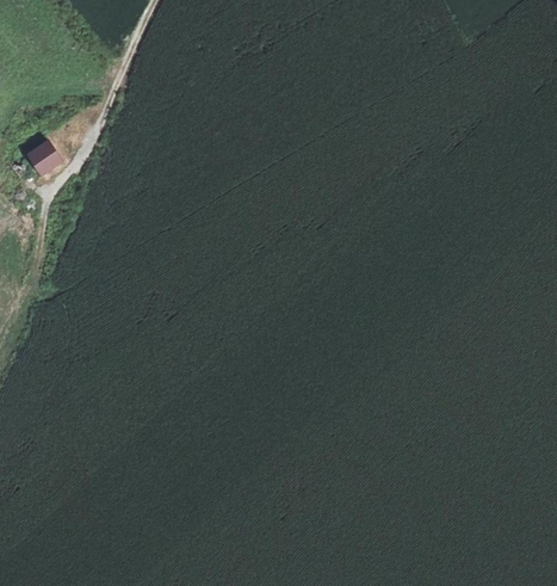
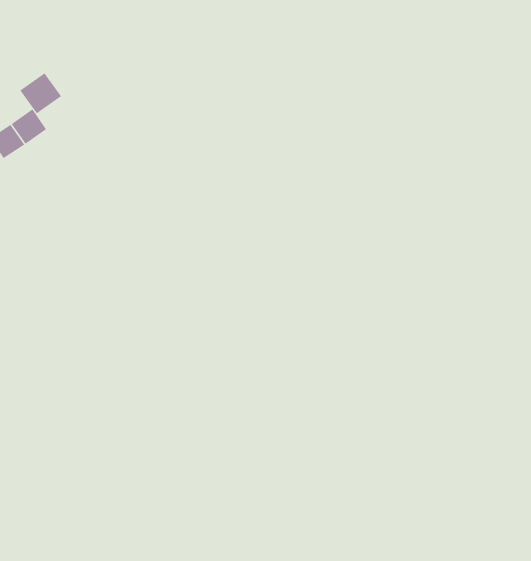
building: none -> [20,73,62,114]

